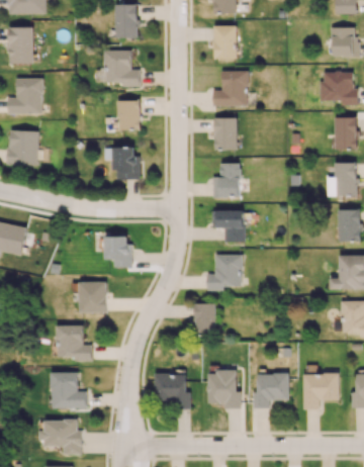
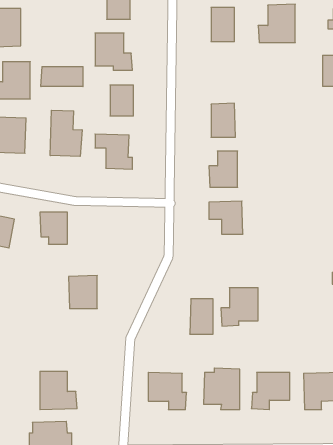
building: [212,70,248,106] -> [258,4,295,43]
building: none -> [41,67,83,87]
building: none -> [50,110,82,156]
building: [105,237,131,267] -> [40,212,67,244]
building: [206,255,242,291] -> [221,288,258,326]
building: [57,324,92,361] -> none

